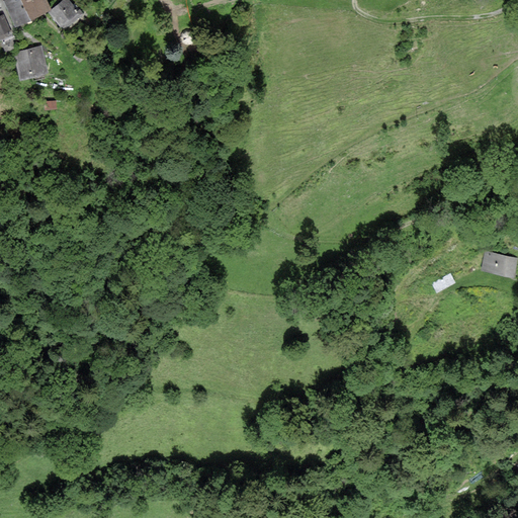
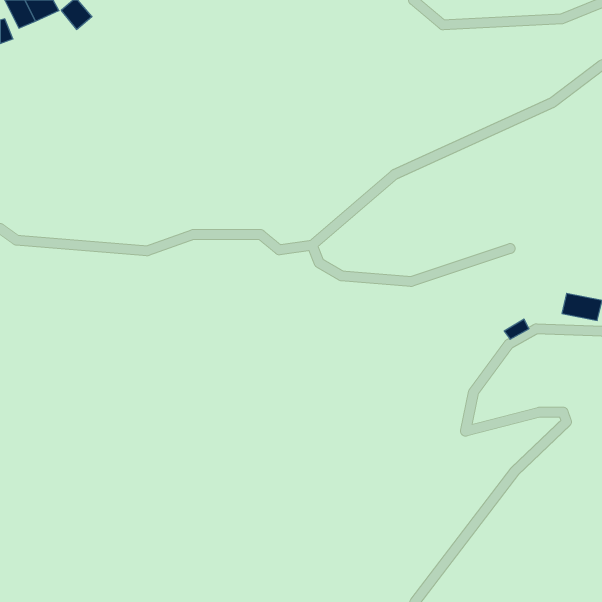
building: [17,48,47,76] -> none

